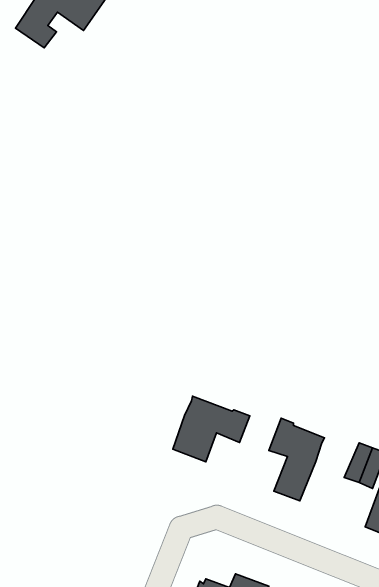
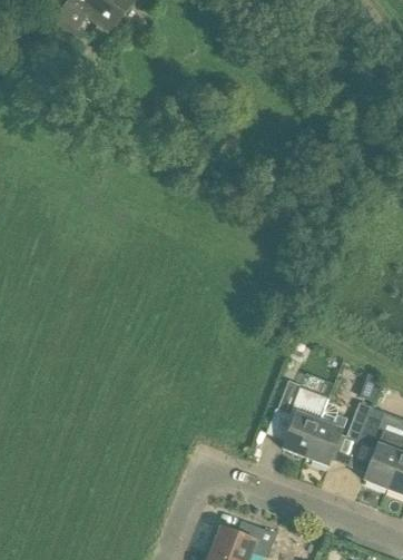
building: [173,396,250,462] -> none
building: none -> [306,403,347,464]

